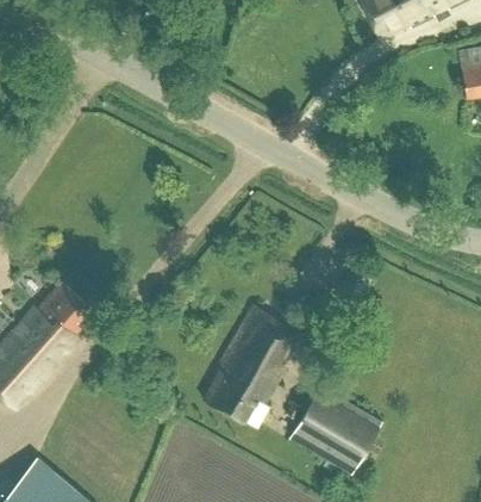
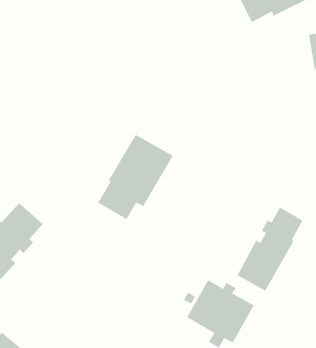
building: none -> [237,207,304,292]
building: [200,306,305,424] -> [97,134,174,220]

